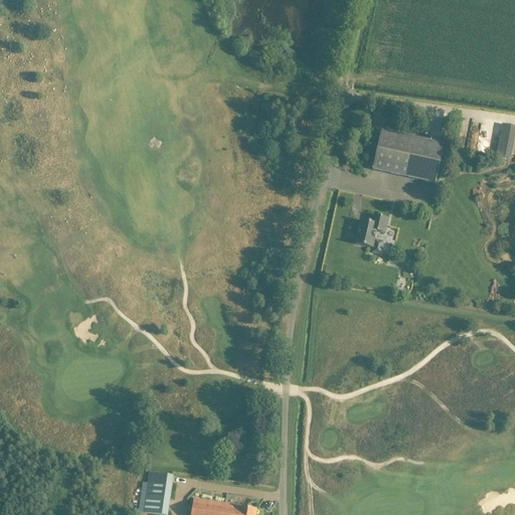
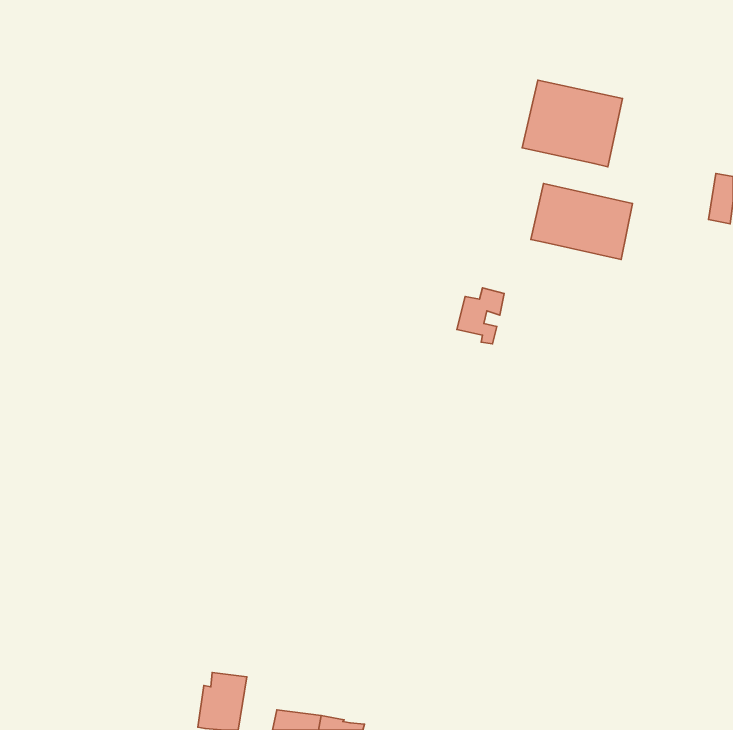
building: none -> [522,80,622,167]
building: [355,213,388,252] -> [457,288,504,344]

